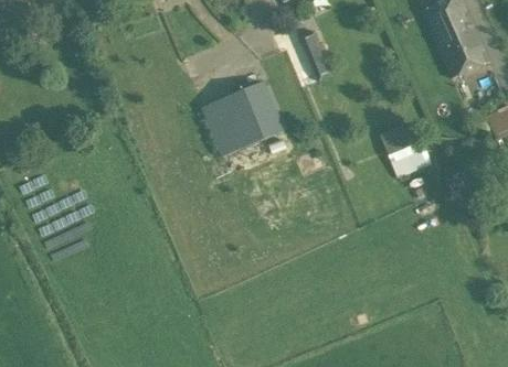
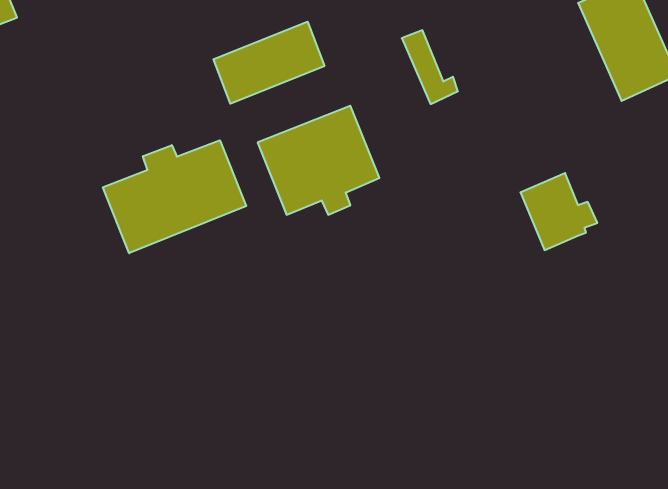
building: none -> [213,22,324,104]
building: none -> [103,140,246,253]

